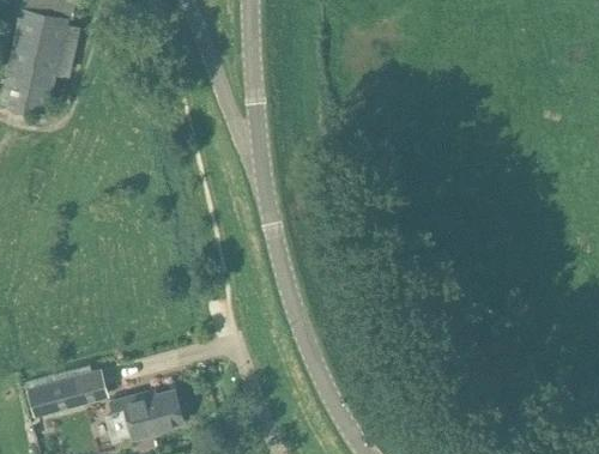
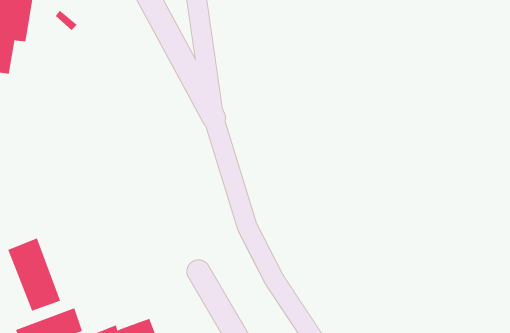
building: none -> [8,237,61,311]

